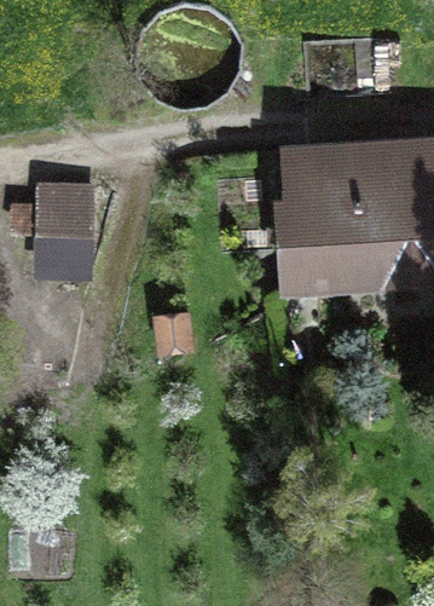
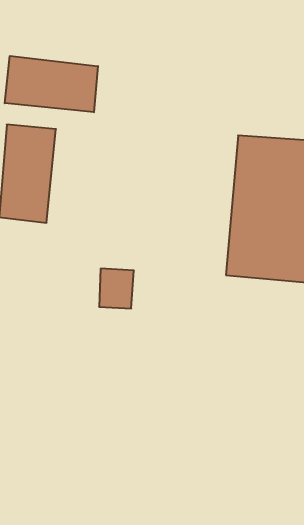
building: none -> [5,56,98,112]

